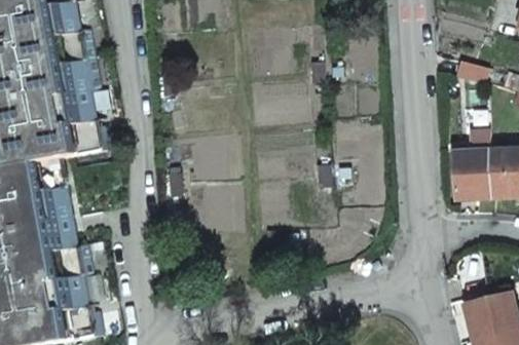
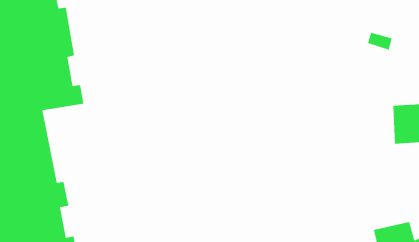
building: [450,127,487,198] -> none

